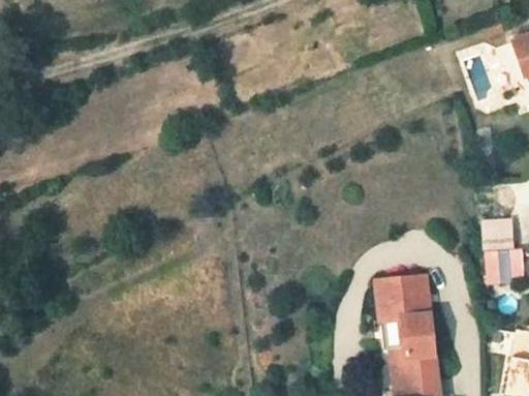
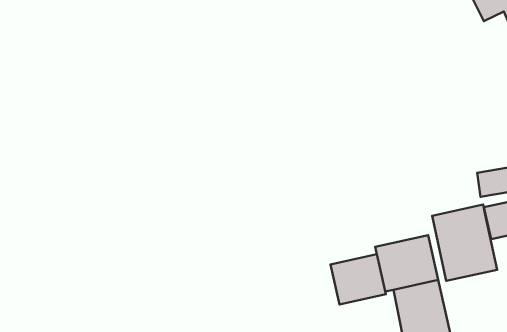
building: none -> [432,205,497,281]
building: none -> [330,254,386,305]

